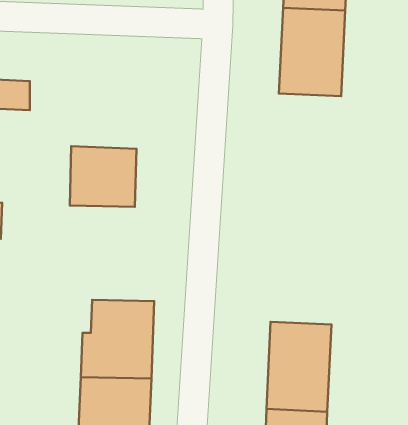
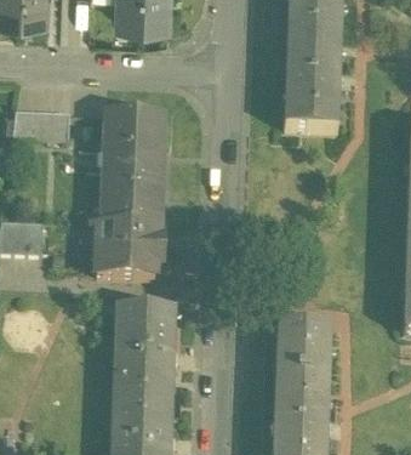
building: none -> [103,114,162,175]
building: none -> [96,224,164,278]

